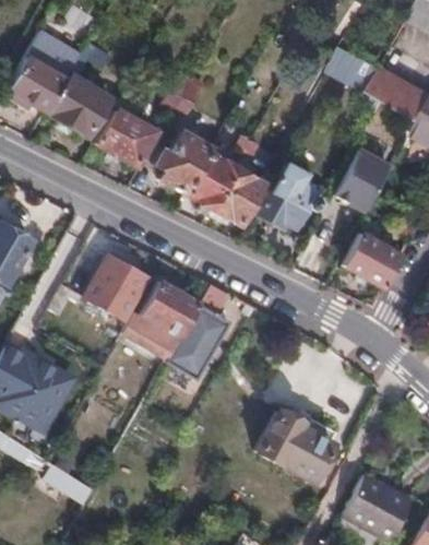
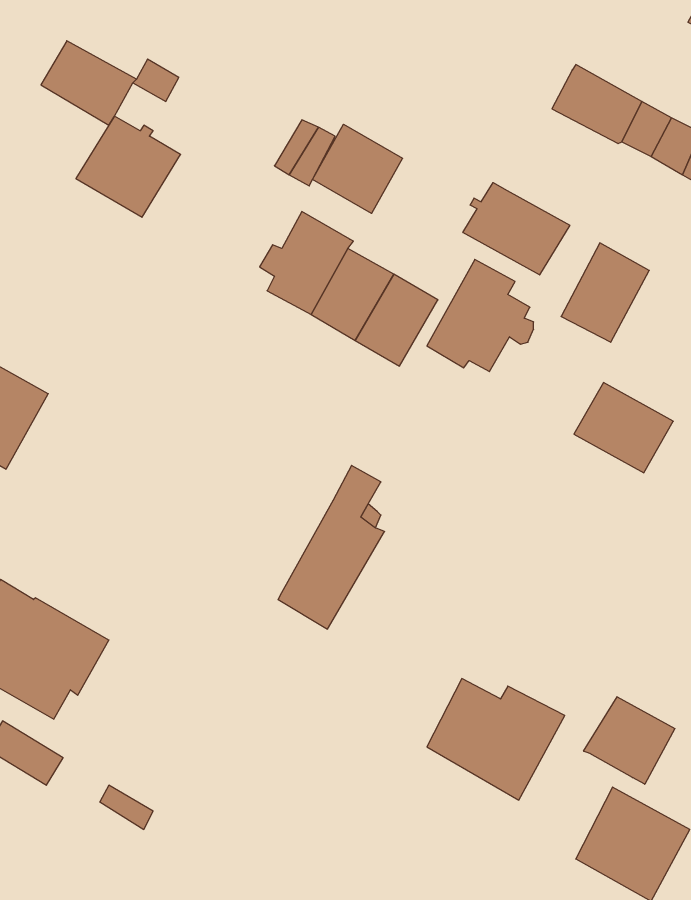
building: [10,57,68,112] -> none
building: none -> [313,124,403,213]
building: [96,109,155,165] -> none
building: none -> [463,183,570,275]
building: [86,254,150,321] -> none
building: [123,281,201,360] -> none
building: none -> [584,697,675,784]

